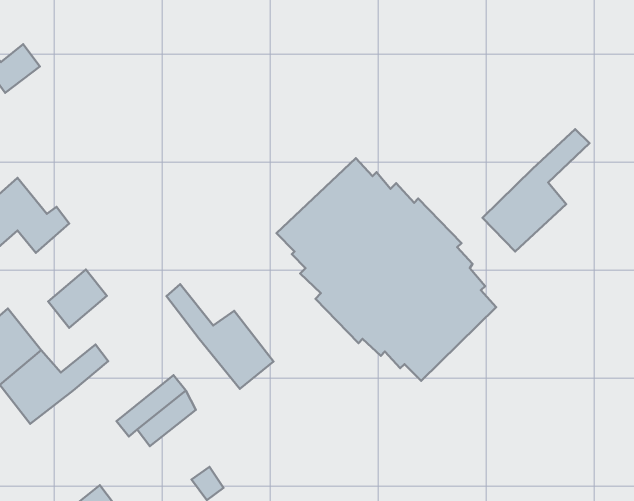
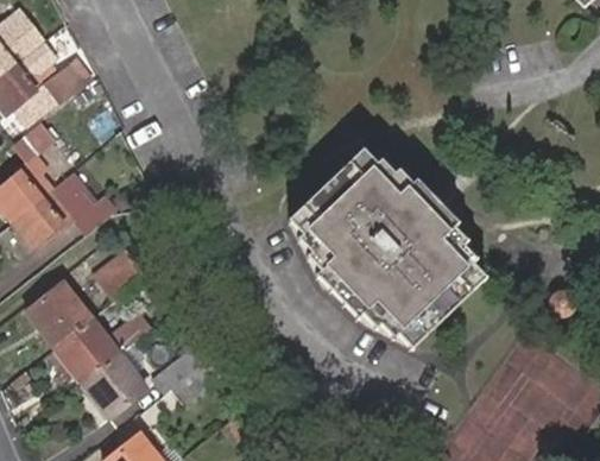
building: [482,129,590,251] -> none
building: [166,284,274,389] -> none
building: none -> [81,352,145,415]

